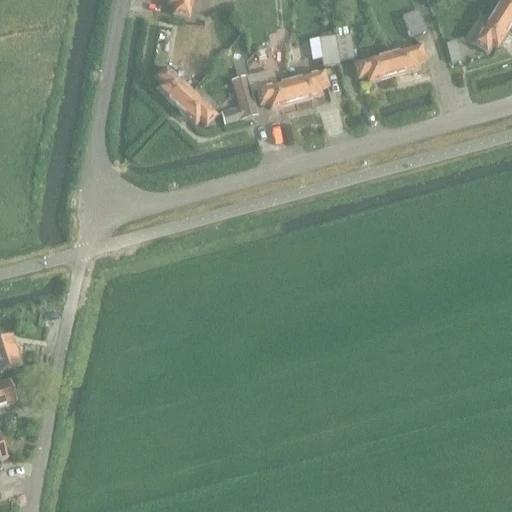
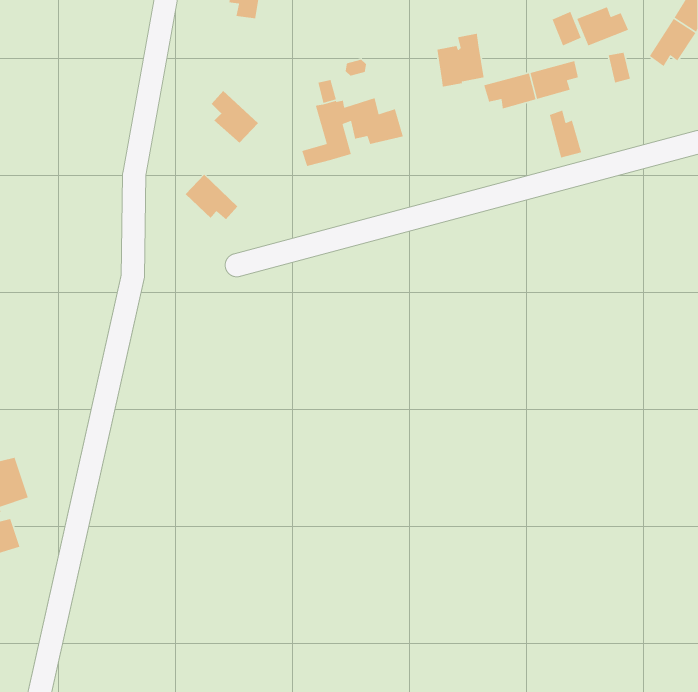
building: none -> [576,6,629,47]
building: [289,70,326,100] -> none
building: none -> [549,110,582,159]
building: [175,90,214,124] -> [185,174,238,220]

